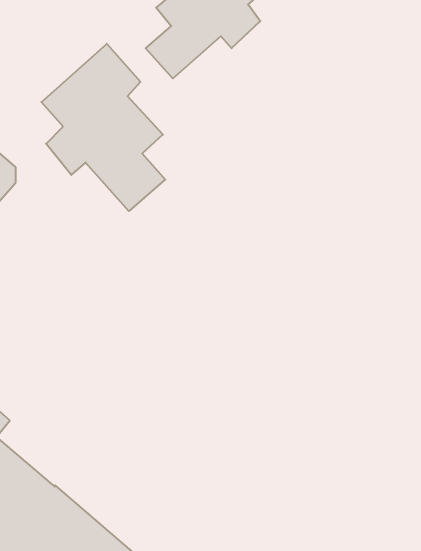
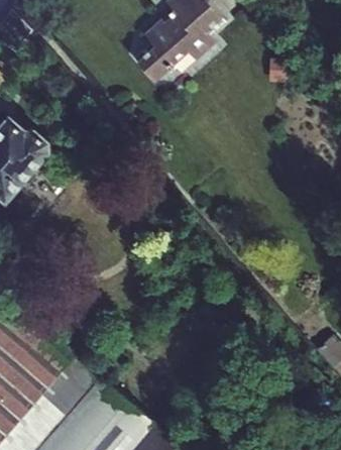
building: [41,44,165,211] -> none

